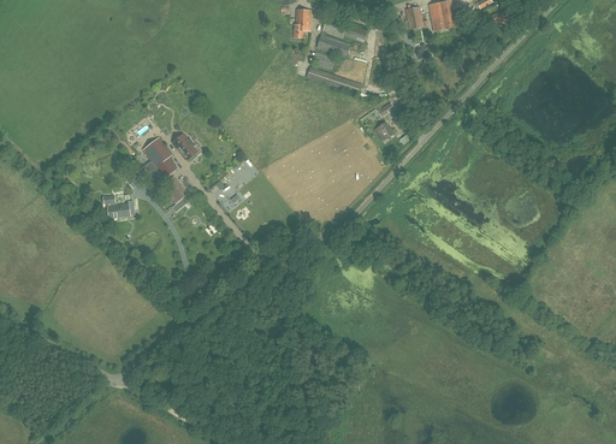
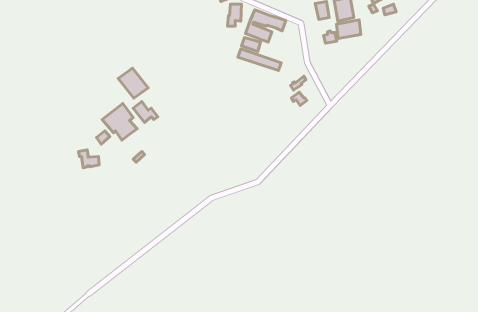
building: none -> [337,20,361,39]
building: none -> [118,68,148,98]

